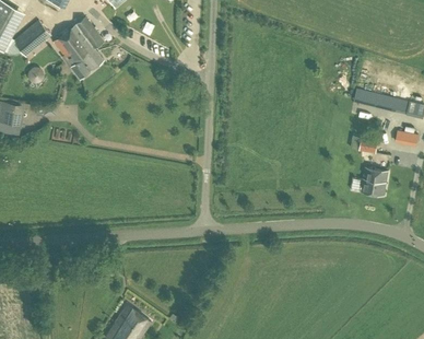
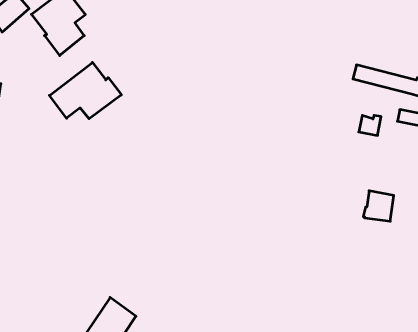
building: none -> [49,62,121,119]
building: [358,166,387,195] -> [363,191,394,221]

